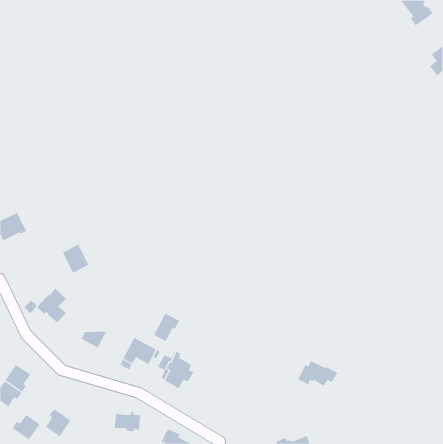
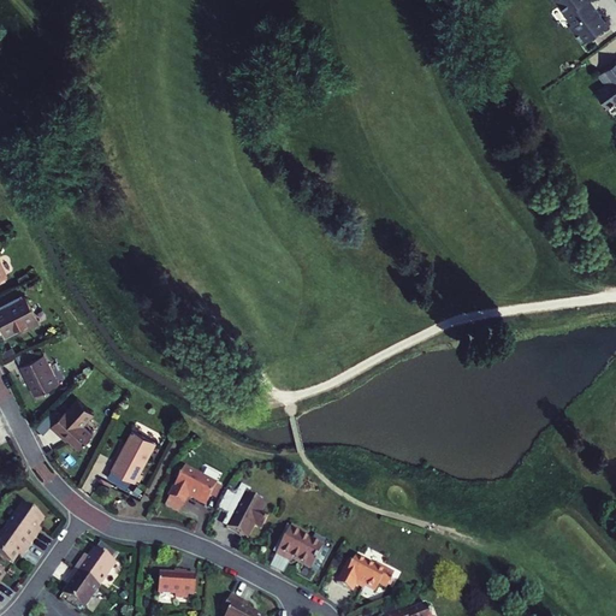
building: [62,244,89,273] -> [19,354,57,395]
building: none -> [117,430,156,460]
building: [153,313,180,342] -> none
building: [297,361,338,387] -> [337,556,393,592]
building: none -> [277,526,324,568]
building: [12,414,41,440] -> [75,546,114,582]

